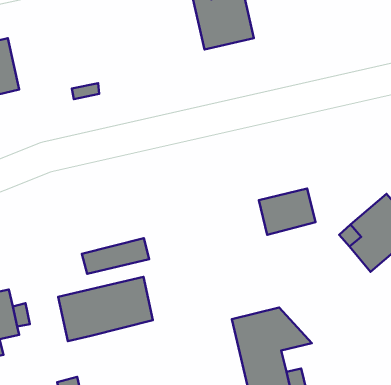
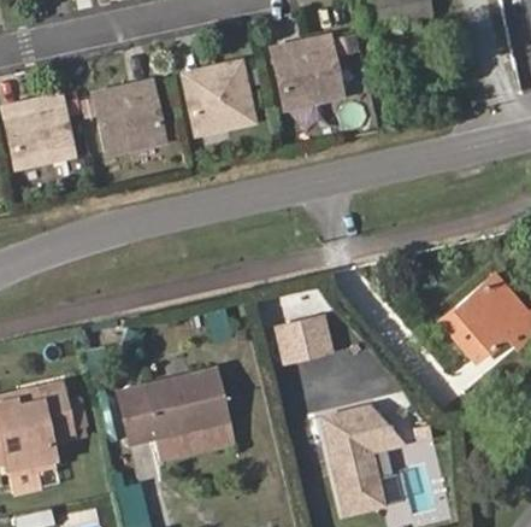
building: none -> [184,62,254,133]
building: none -> [94,81,164,152]
building: [259,188,315,235] -> [269,312,334,365]
building: [82,238,149,274] -> [155,417,232,458]

